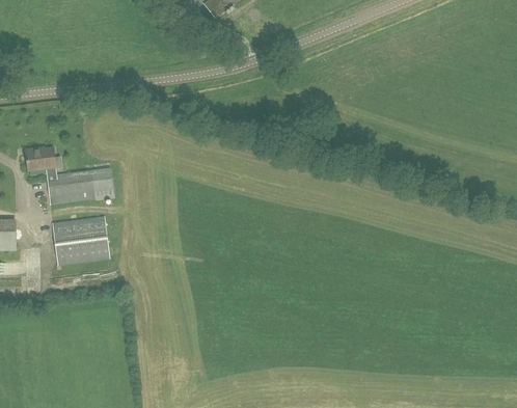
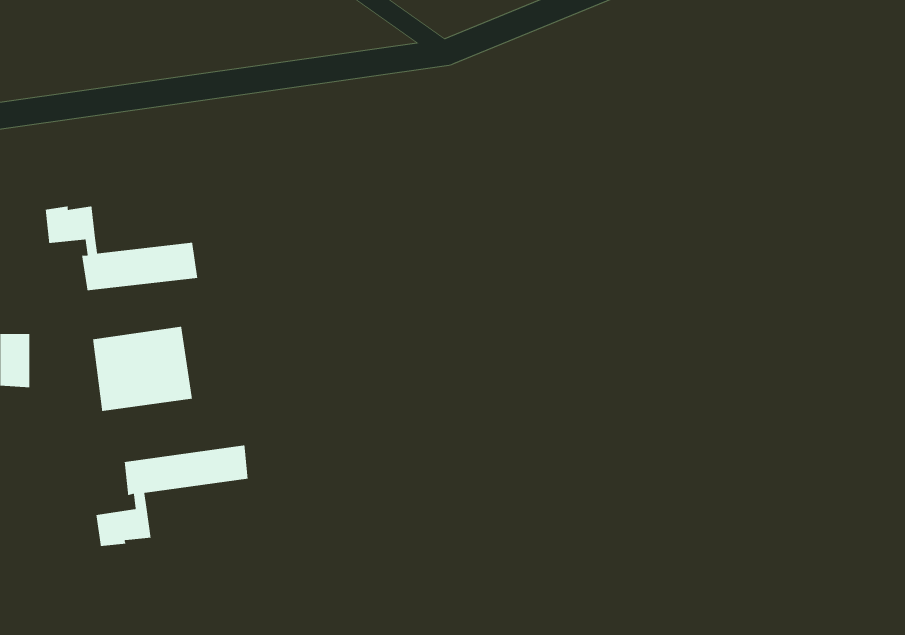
building: none -> [95,444,249,547]

